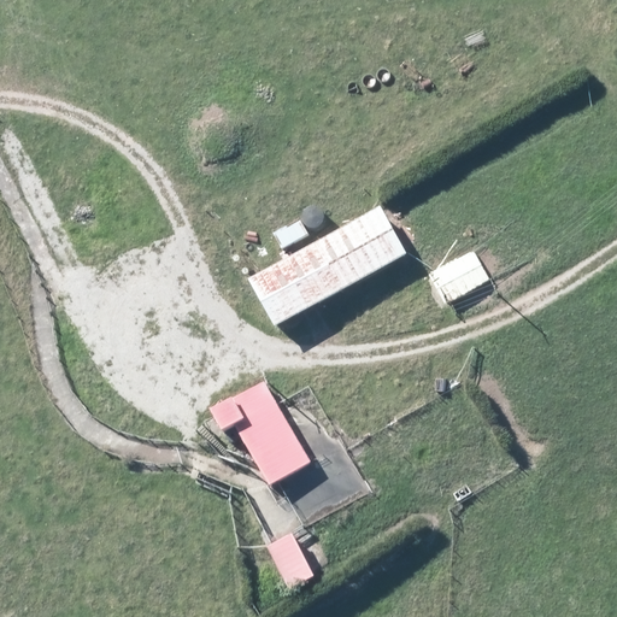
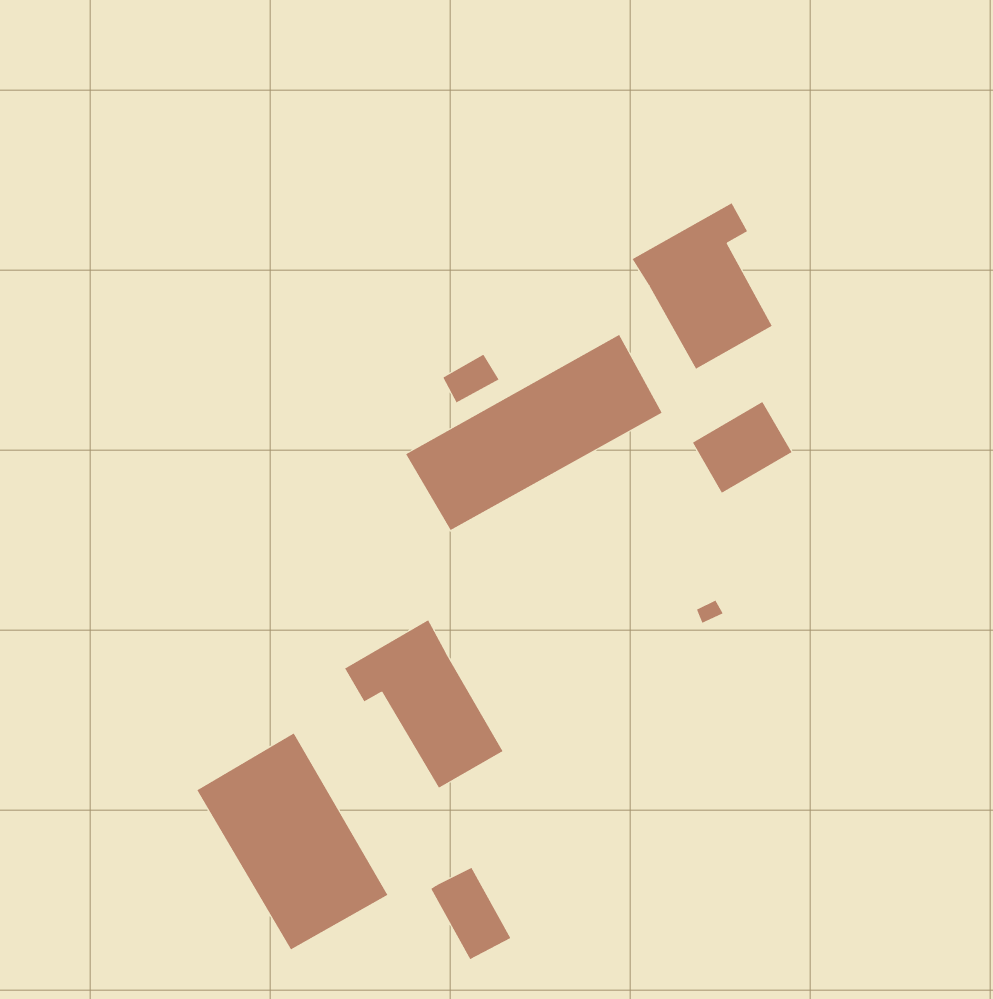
building: none -> [632,203,773,369]
building: none -> [196,733,388,950]

